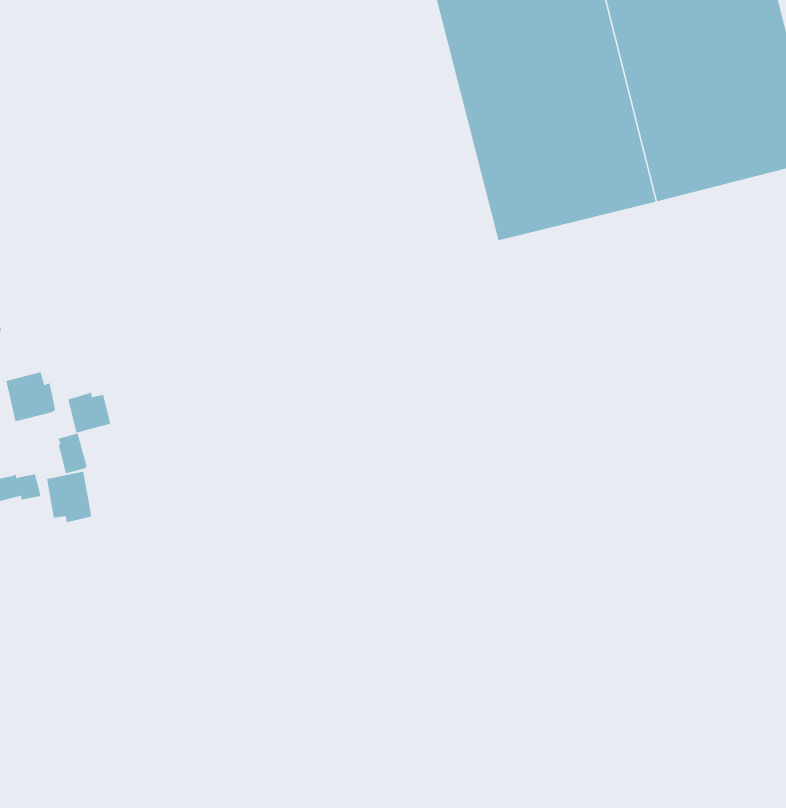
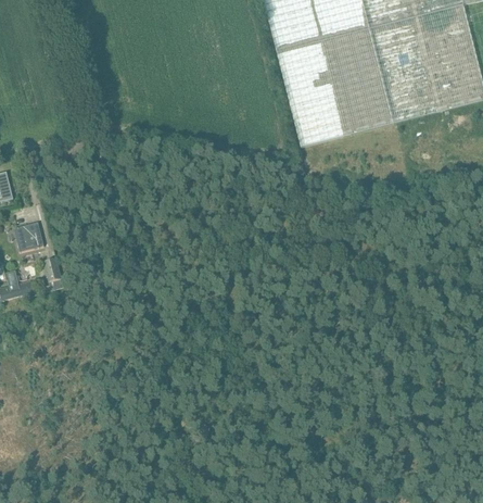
building: [68,392,111,433] -> none
building: [47,471,91,523] -> none

